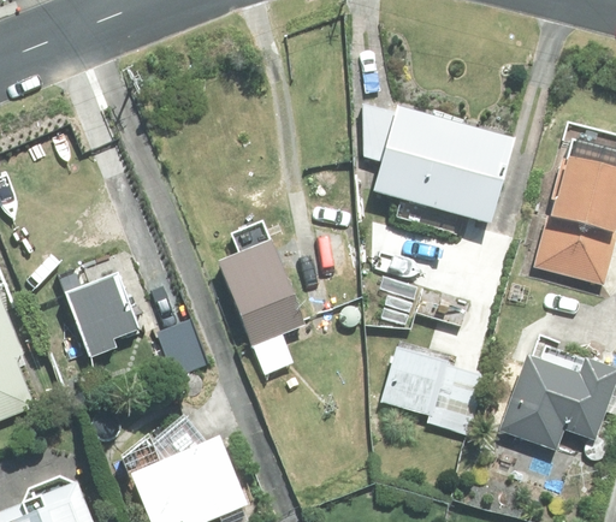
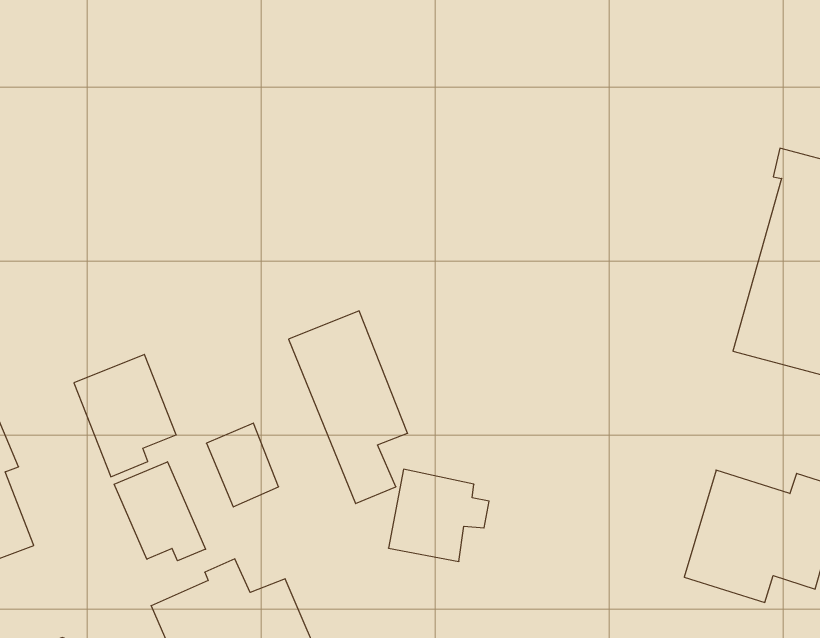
building: [365,103,513,221] -> none
building: [385,346,457,413] -> [388,469,489,561]
building: none -> [114,462,206,561]

